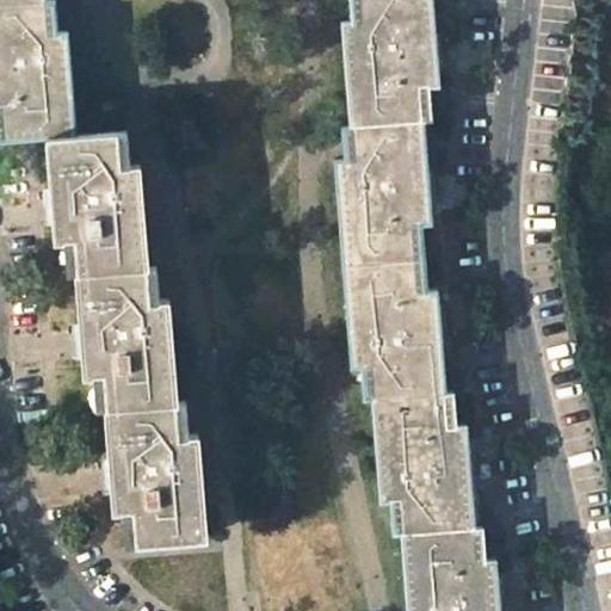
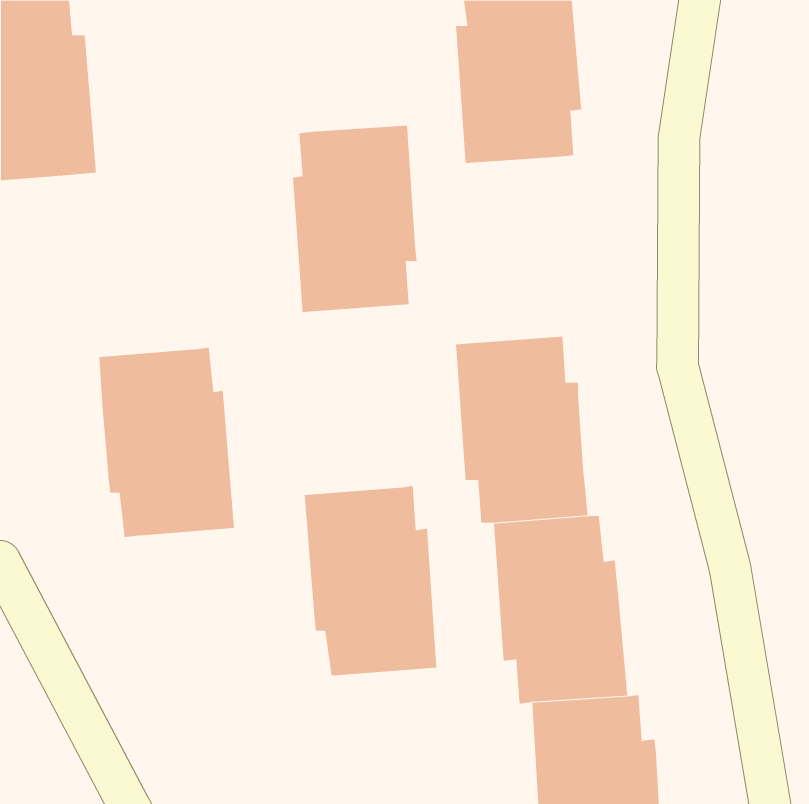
building: [337,123,431,264] -> [292,125,417,312]
building: [45,130,149,274] -> none
building: [104,401,204,544] -> [304,485,437,676]

